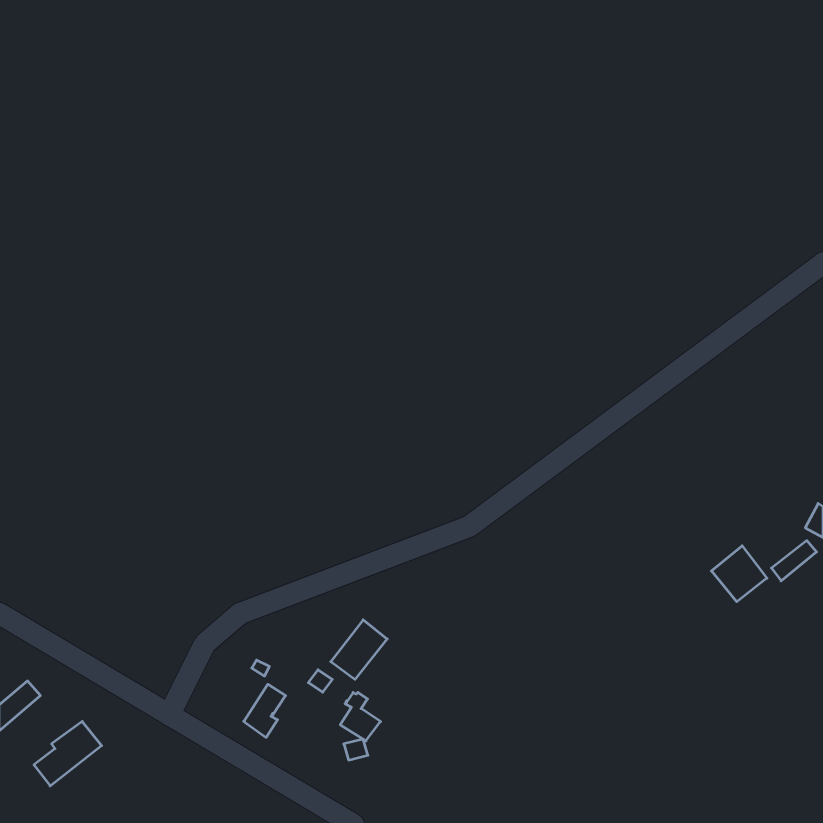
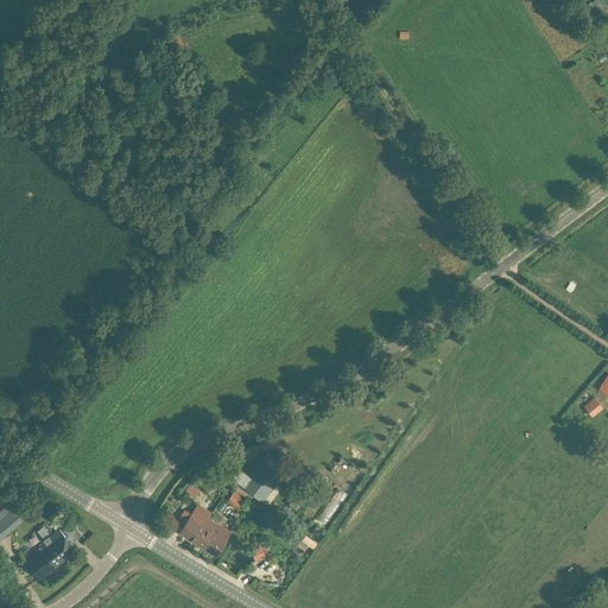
building: [711,546,767,602] -> none
building: [340,692,381,741] -> [196,520,226,556]

